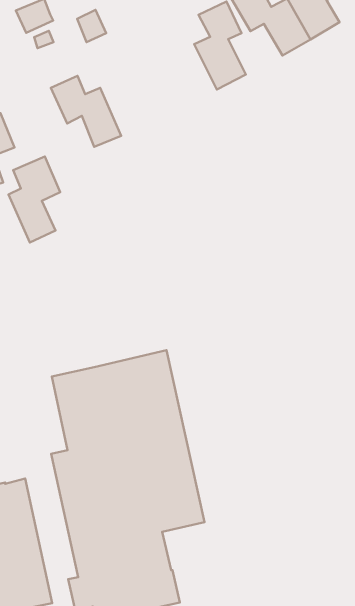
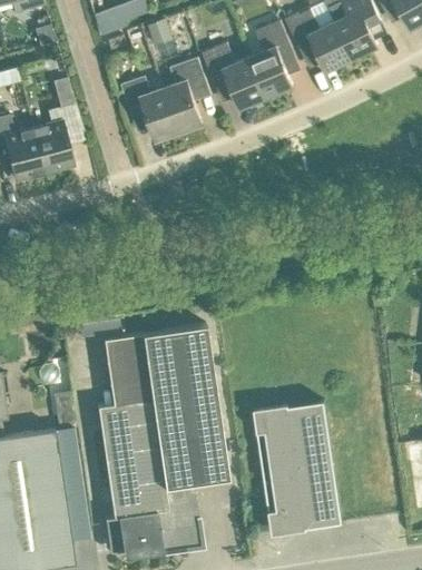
building: none -> [202,43,266,109]
building: [8,156,60,242] -> [164,58,209,132]
building: none -> [255,401,342,532]

